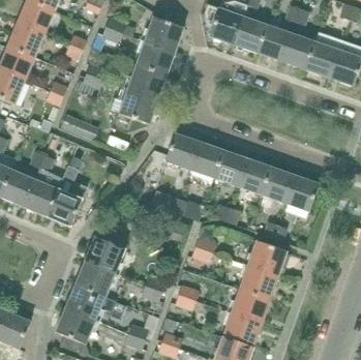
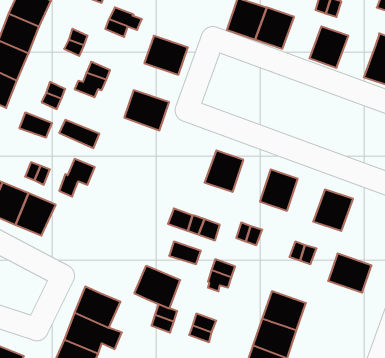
building: [145,16,184,51] -> none
building: [258,24,292,60] -> none
building: [305,31,342,77] -> none
building: [127,64,167,98] -> none
building: [166,132,200,169] -> none
building: [214,149,247,185] -> none
building: [262,166,295,203] -> none
building: [47,188,82,226] -> none
building: [85,236,125,273] -> [134,266,180,308]
building: [248,240,287,274] -> [328,254,372,293]

